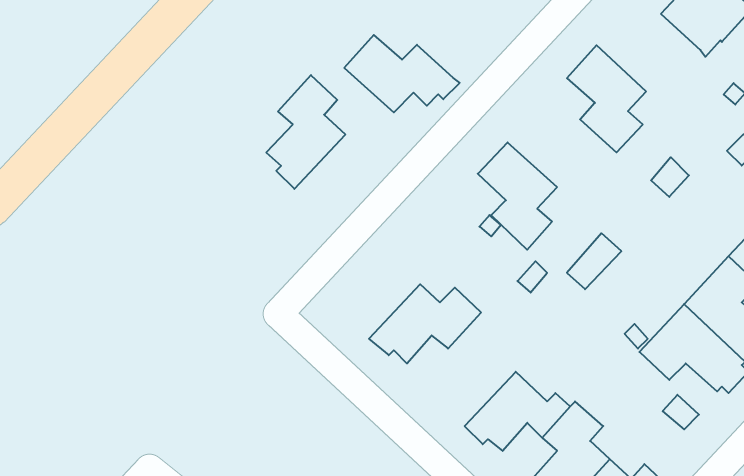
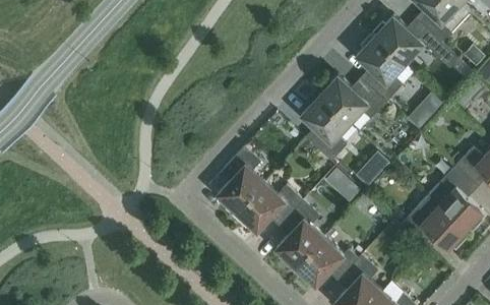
building: none -> [374,15,448,64]
building: [344,35,460,112] -> [319,75,390,123]
building: [266,75,345,189] -> [217,146,265,217]
building: none -> [275,200,324,270]

